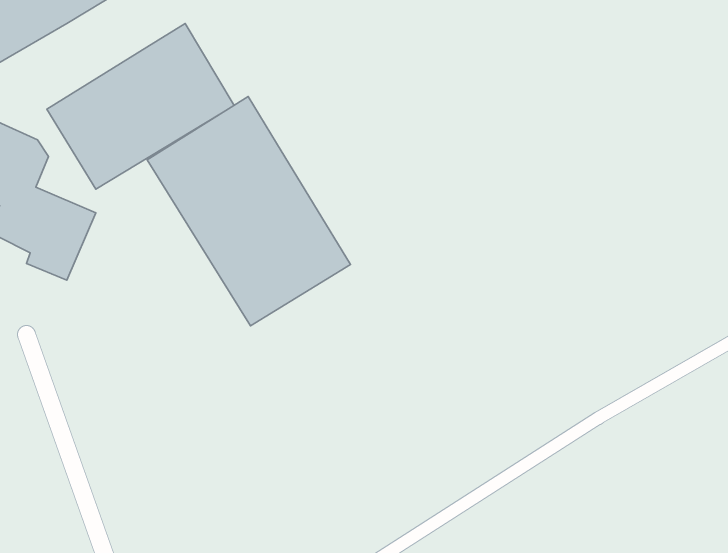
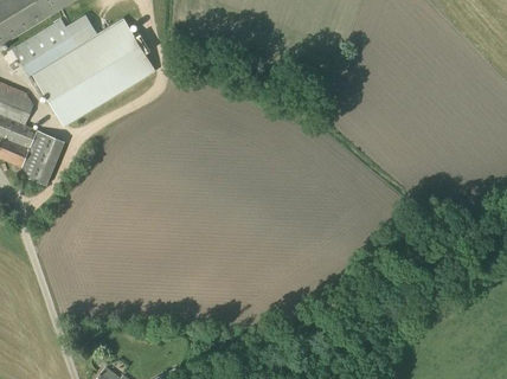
building: none -> [11,13,97,76]
building: [147,97,350,326] -> none

